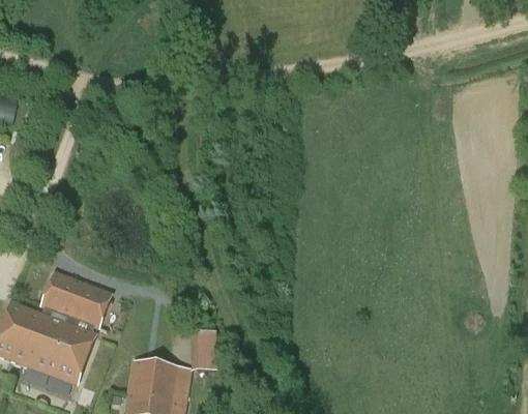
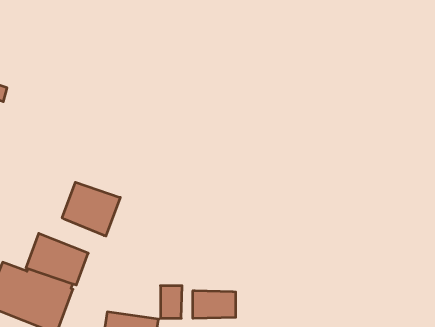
building: none -> [62,182,120,236]
building: none -> [193,291,236,318]

